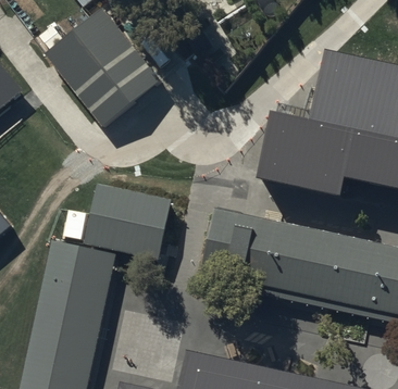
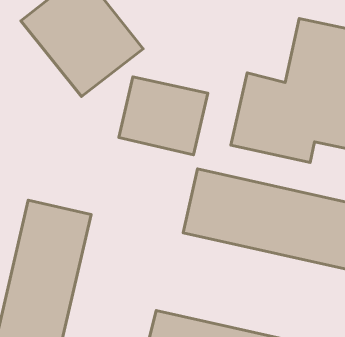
building: [78,176,167,254] -> [119,77,208,155]

